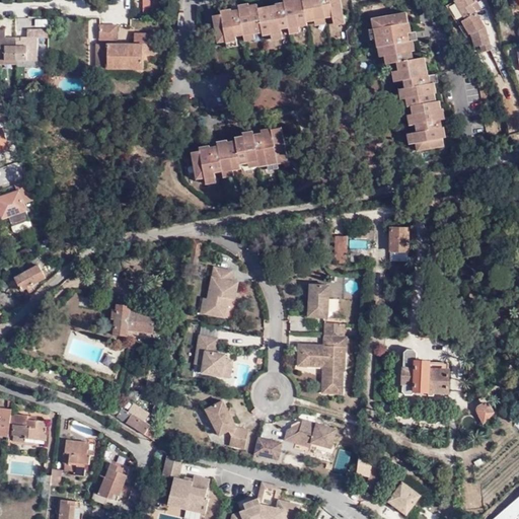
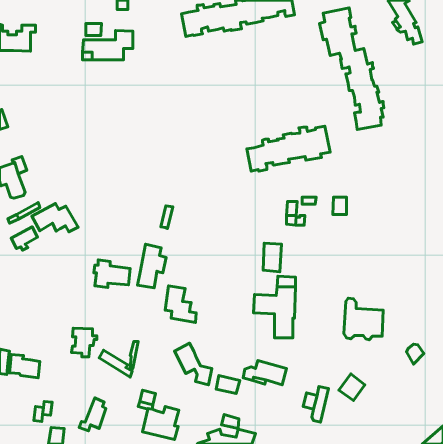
building: [192,126,289,178] -> [247,126,330,171]
building: none -> [32,203,78,232]
building: [204,266,237,316] -> [138,244,166,288]
building: [63,442,92,475] -> [72,328,97,357]
building: [388,483,419,514] -> [339,374,365,401]

